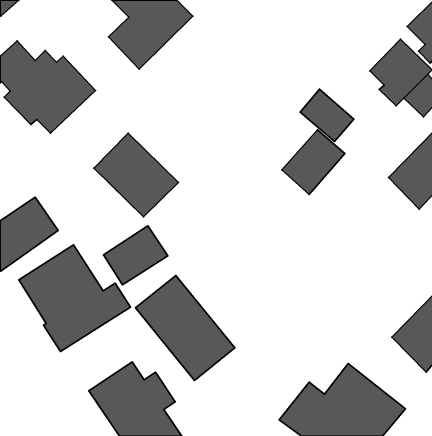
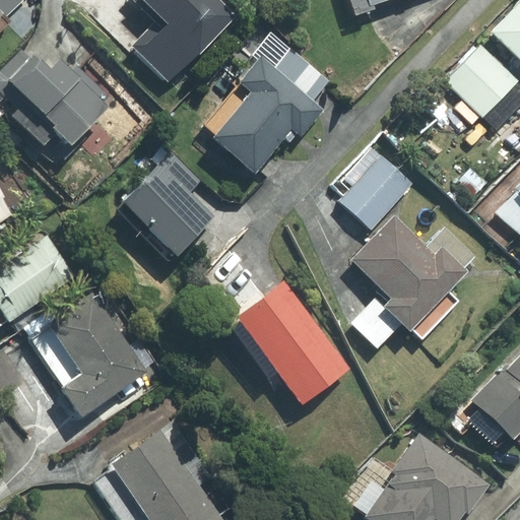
building: none -> [201,31,332,174]
building: [300,89,354,141] -> none
building: none -> [349,216,476,353]
building: [103,226,168,285] -> none
building: [136,275,235,380] -> [232,277,349,402]

